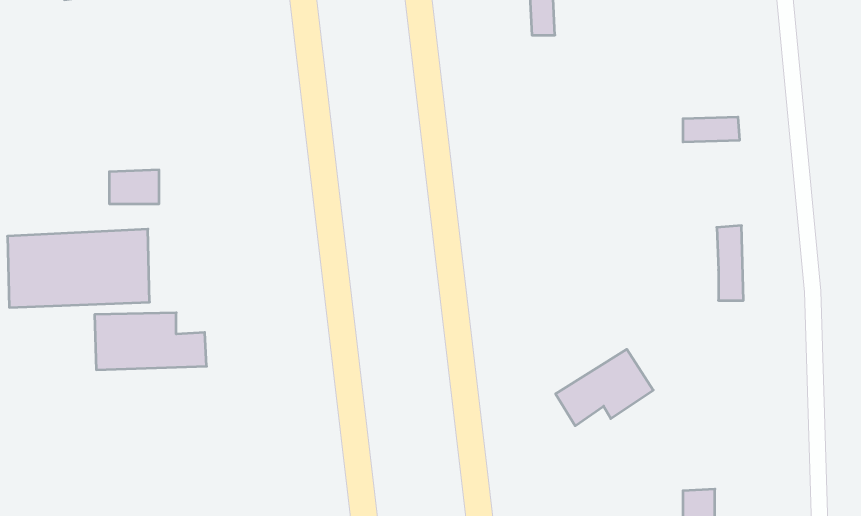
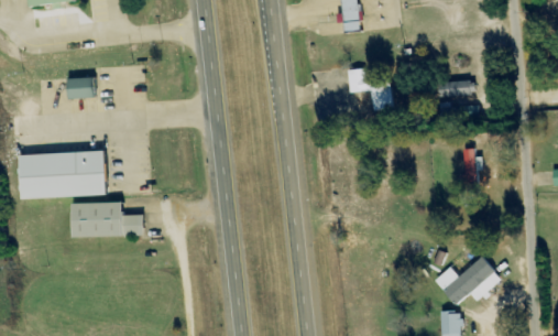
building: none -> [347,68,391,110]
building: [109,170,159,204] -> [65,77,96,98]
building: [556,349,653,426] -> [441,257,502,304]

